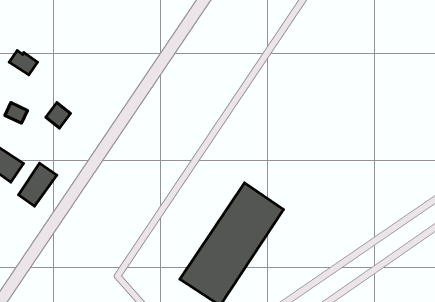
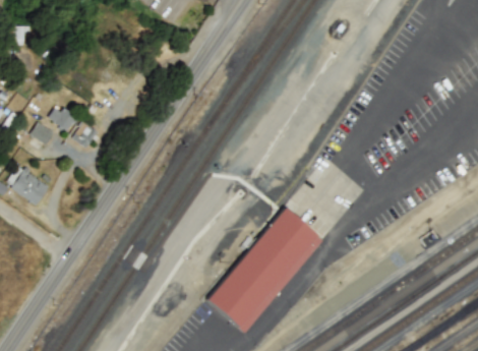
building: [9,50,38,75] -> [47,106,76,131]
building: [19,163,57,206] -> none

